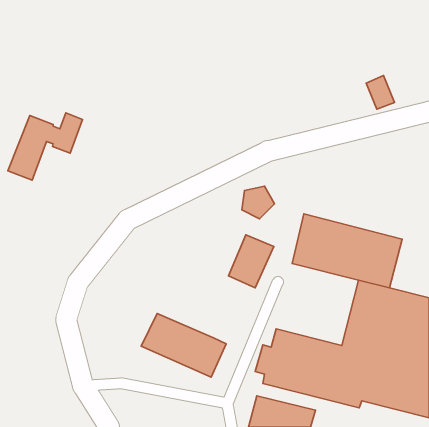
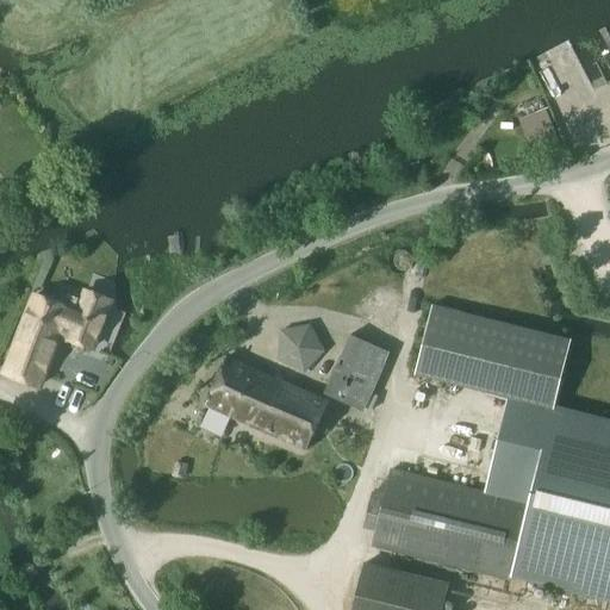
building: [8,113,83,180] -> [5,291,111,386]
building: [242,186,275,219] -> [278,325,324,372]
building: [141,314,226,377] -> [206,359,326,449]

